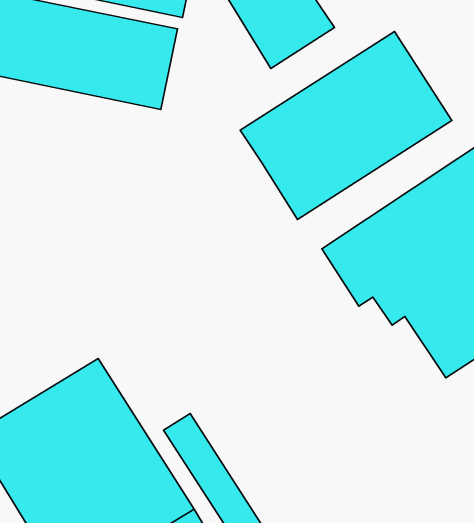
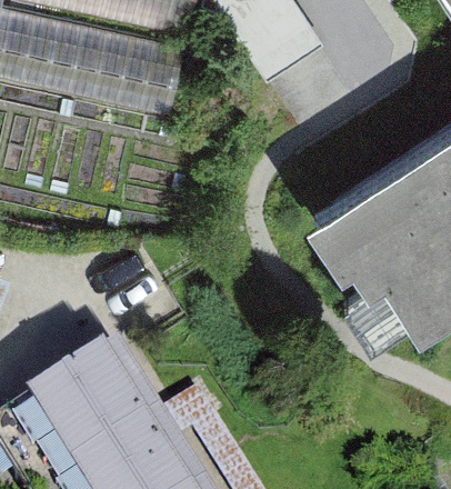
building: [240,31,452,219] -> none

